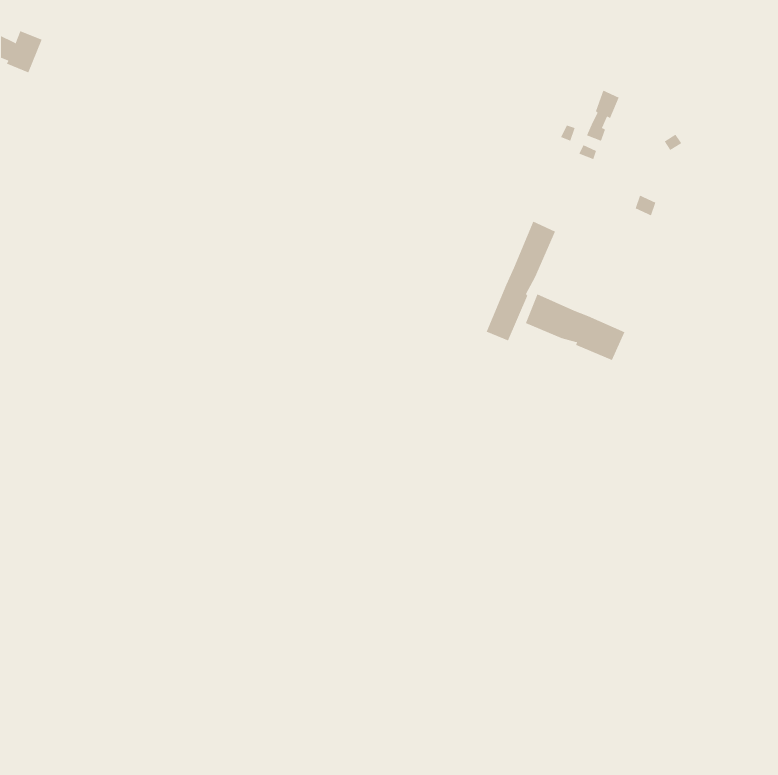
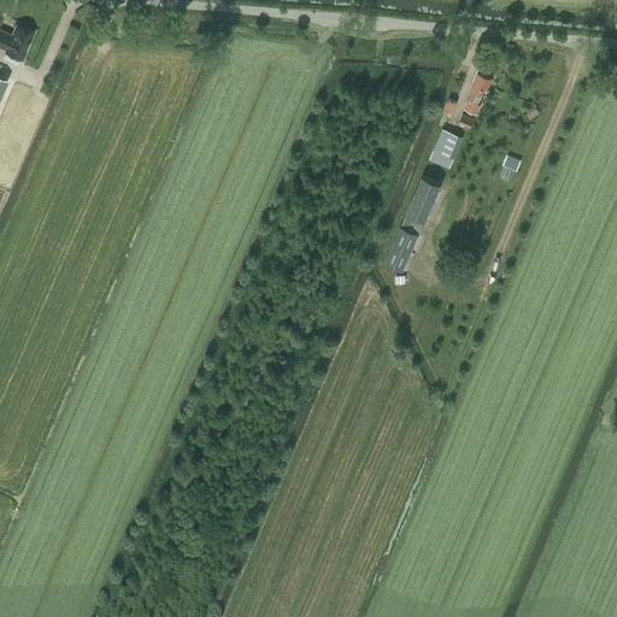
building: none -> [429,131,463,170]
building: [525,294,625,361] -> none

